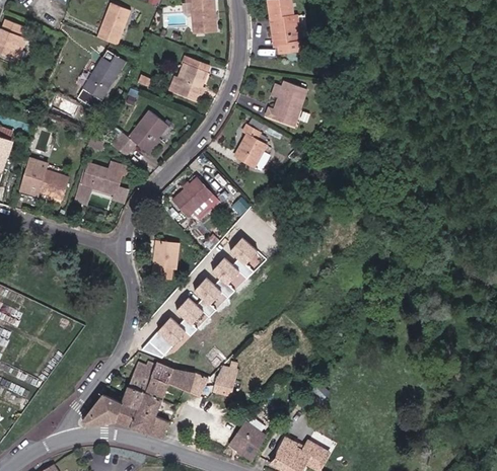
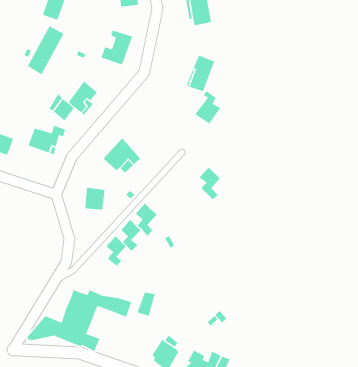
building: [233,127,266,168] -> [194,90,221,125]
building: [228,240,255,281] -> [199,167,220,200]
building: [141,318,183,357] -> none

